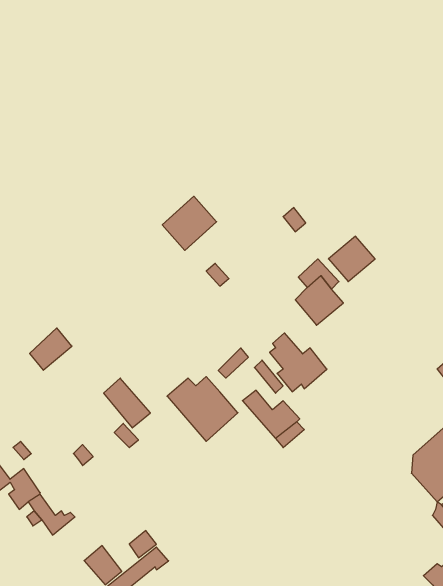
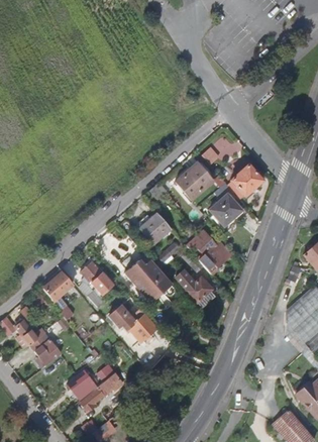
building: [162,196,217,250] -> [175,163,211,200]
building: none -> [139,212,171,242]
building: [30,328,72,370] -> [43,271,72,300]
building: none -> [108,305,156,342]

